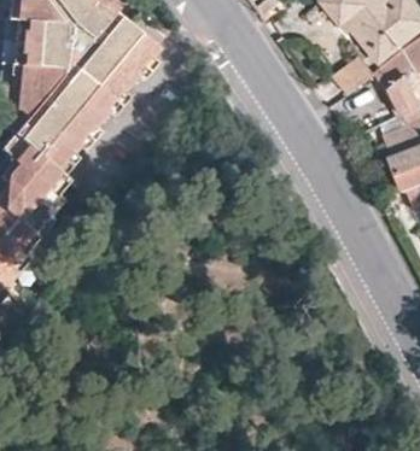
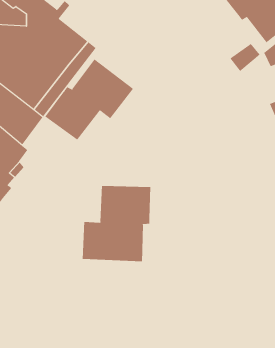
building: none -> [44,58,134,141]
building: none -> [82,185,151,262]

